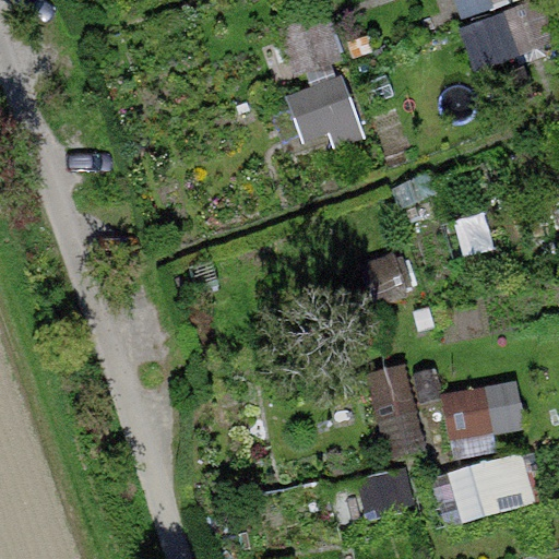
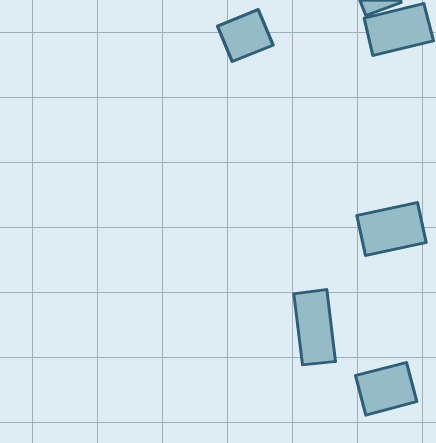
building: [283,73,361,150] -> none
building: [441,376,528,442] -> [357,203,426,255]

